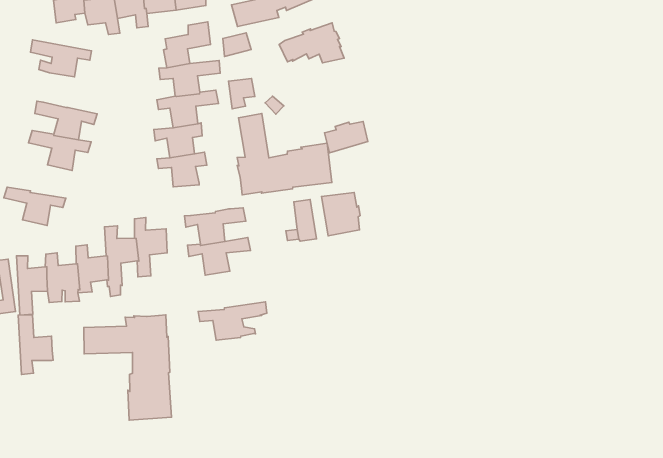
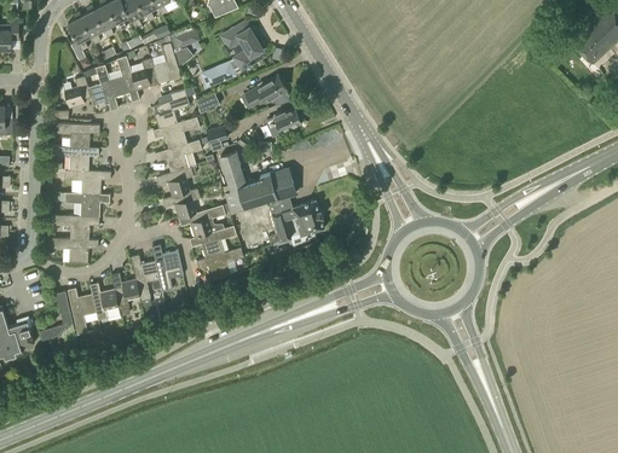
building: none -> [52,145,98,170]
building: [325,121,368,153] -> [267,108,301,135]
building: none -> [53,215,99,239]
building: [198,302,267,340] -> [178,202,230,237]
building: [84,315,171,420] -> none
building: [18,315,53,375] -> none

